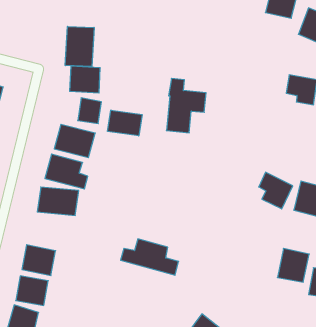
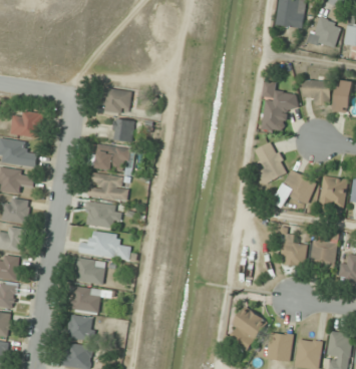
building: [65,26,94,67] -> none
building: [166,78,206,133] -> [263,81,297,129]
building: [108,110,142,136] -> none
building: none -> [255,141,287,182]
building: none -> [281,231,306,266]
building: [121,239,179,275] -> [78,231,131,261]

